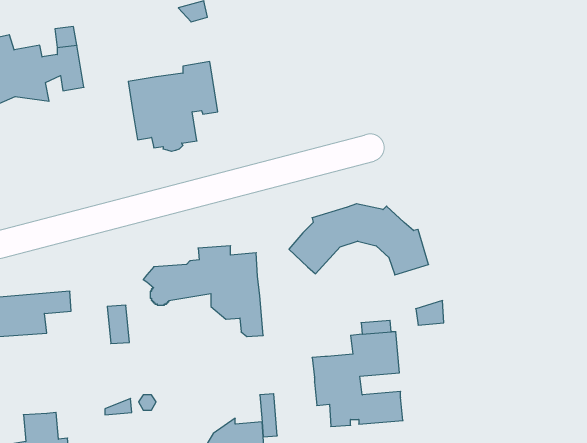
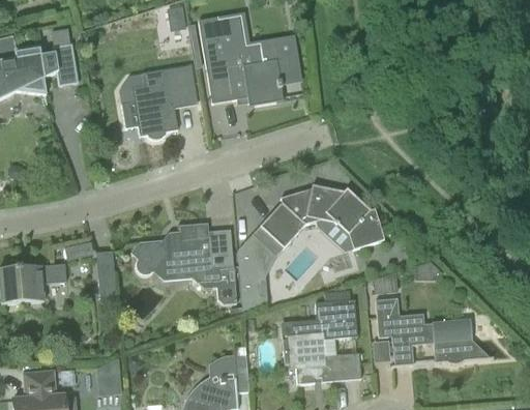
building: none -> [199,12,295,106]
building: none -> [238,234,276,311]
building: none -> [375,296,494,367]

